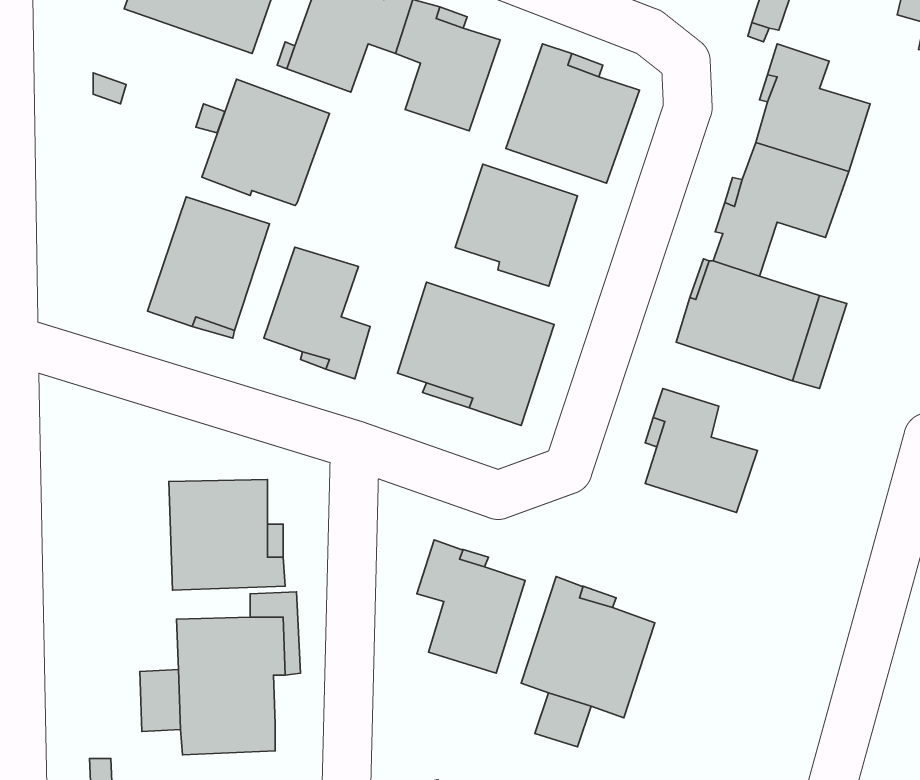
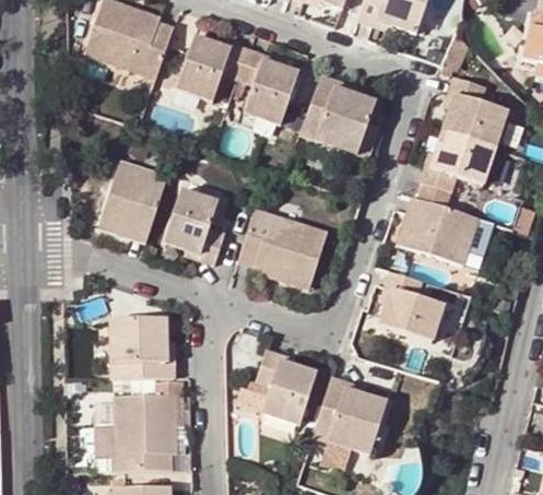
building: [202,79,330,205] -> none
building: [455,164,578,286] -> none

